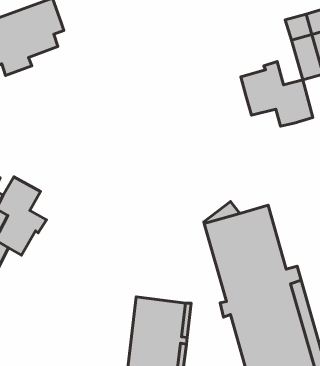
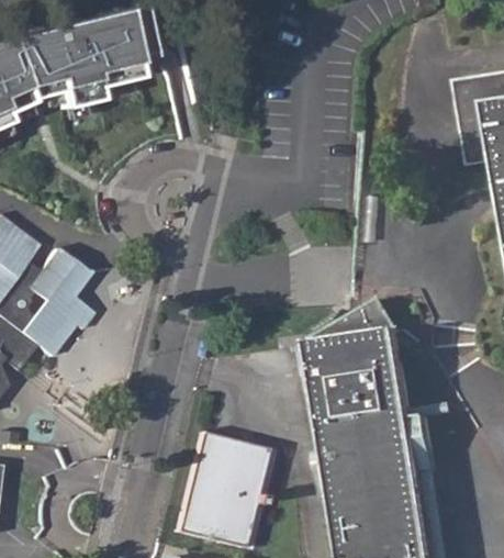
building: [241,61,313,126] -> none
building: none -> [344,298,394,335]

